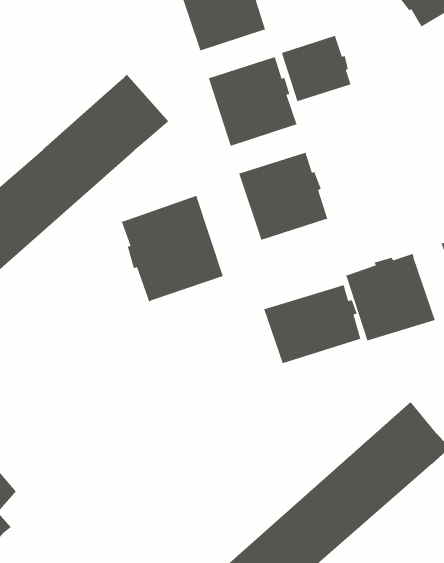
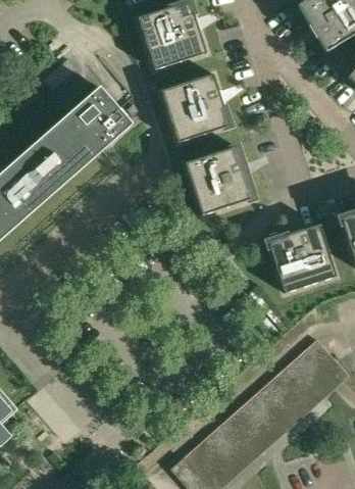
building: [281,35,351,102] -> none
building: [121,195,224,303] -> none
building: [263,284,361,364] -> none

